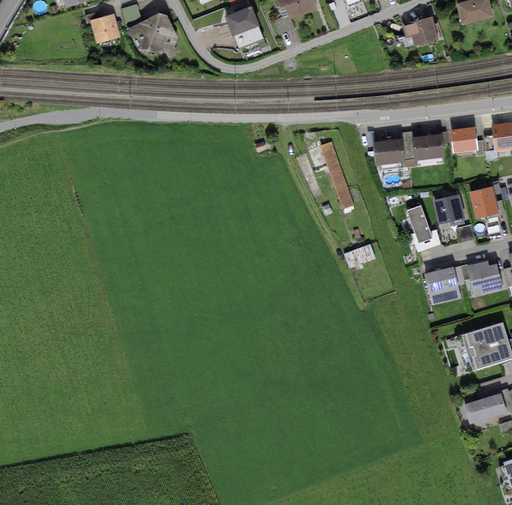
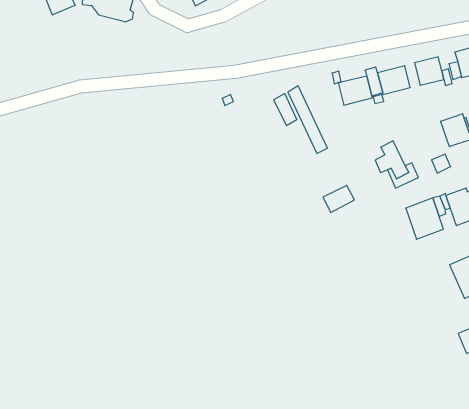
building: [434,194,464,223] -> none

